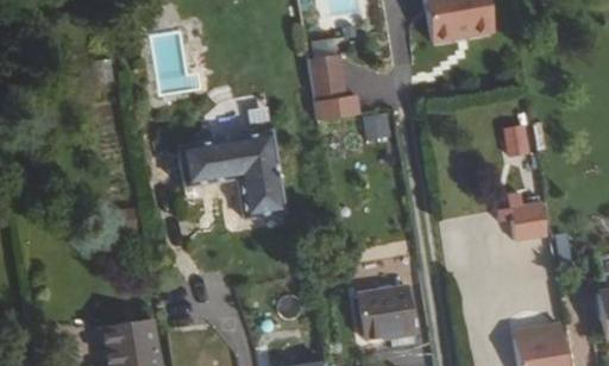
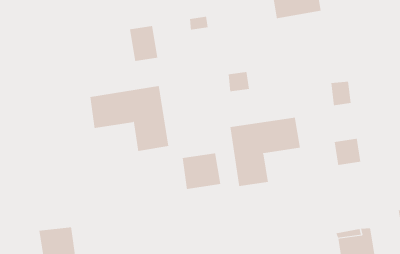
building: [308,55,347,103] -> [129,25,158,61]
building: none -> [230,117,301,187]
building: [359,289,413,339] -> [182,153,221,190]

